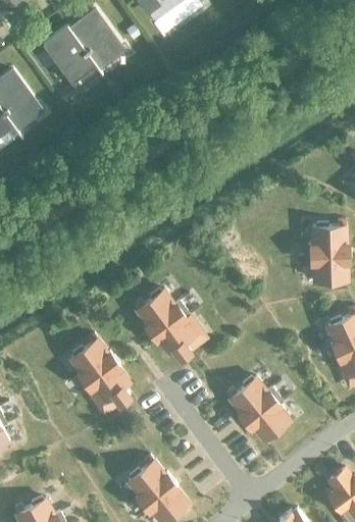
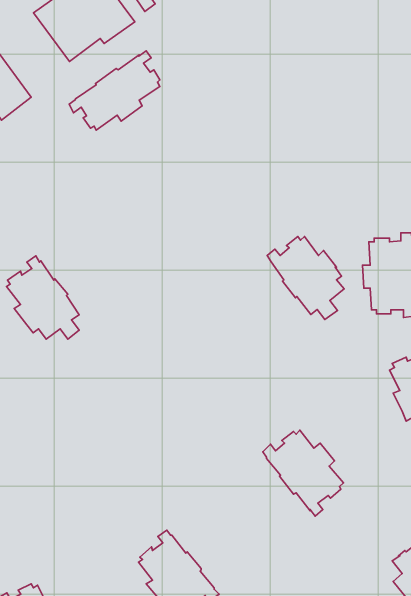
building: none -> [69,51,160,130]
building: [135,292,196,358] -> [267,236,344,320]
building: [71,336,130,403] -> [6,256,79,339]

